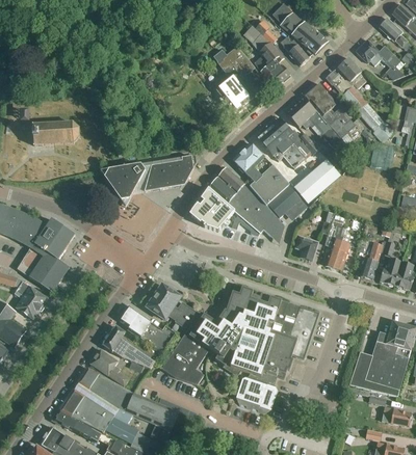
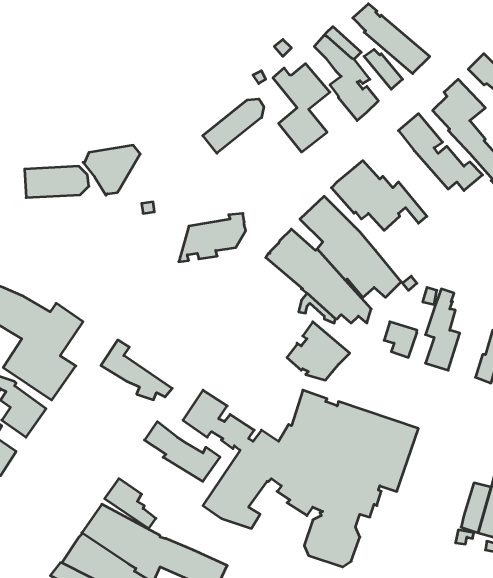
building: none -> [203,99,264,153]
building: [285,97,341,146] -> none
building: [293,159,340,205] -> none
building: [104,164,146,200] -> [83,145,140,195]
building: [189,188,235,231] -> [287,322,350,380]
building: [103,327,155,371] -> [101,340,172,400]

